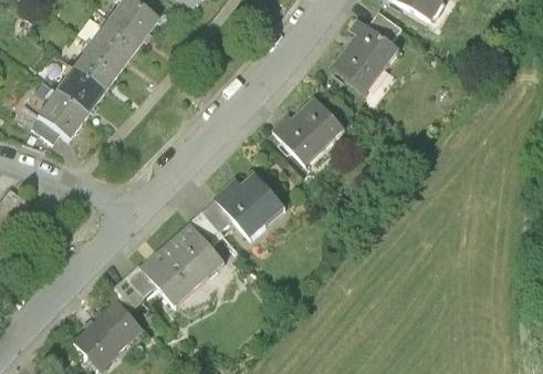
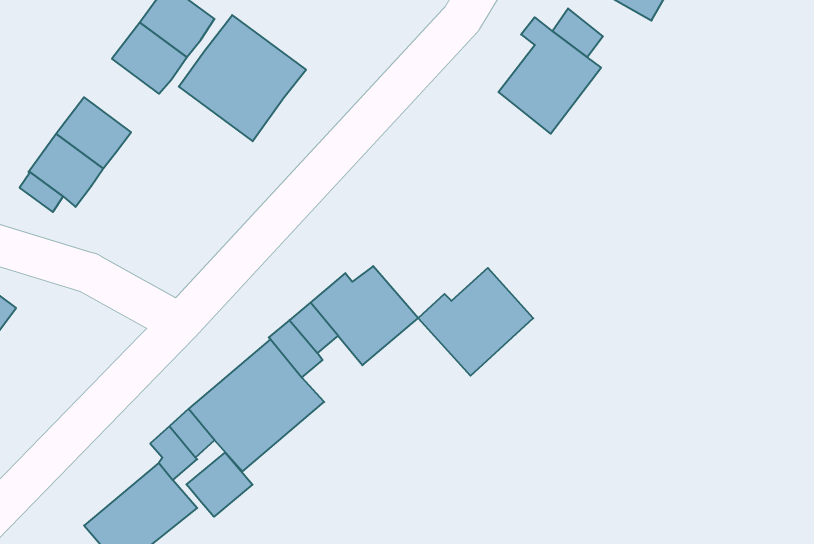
building: none -> [179,15,306,141]
building: [72,43,119,90] -> none
building: [272,96,345,165] -> [418,268,533,376]
building: none -> [186,452,253,517]

